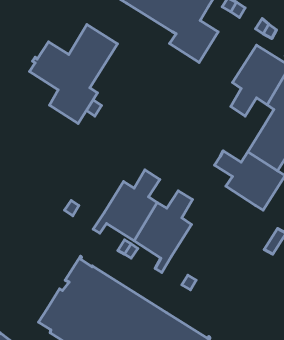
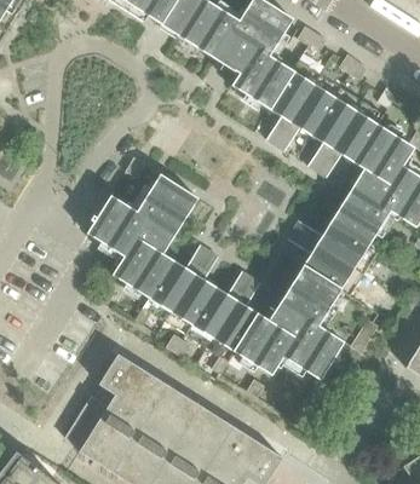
building: none -> [266,60,341,150]
building: [30,25,118,123] -> [87,173,199,298]
building: none -> [234,265,344,381]

